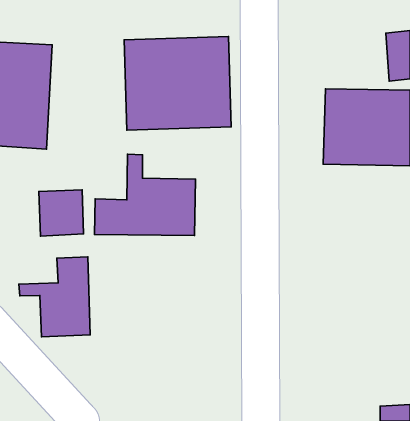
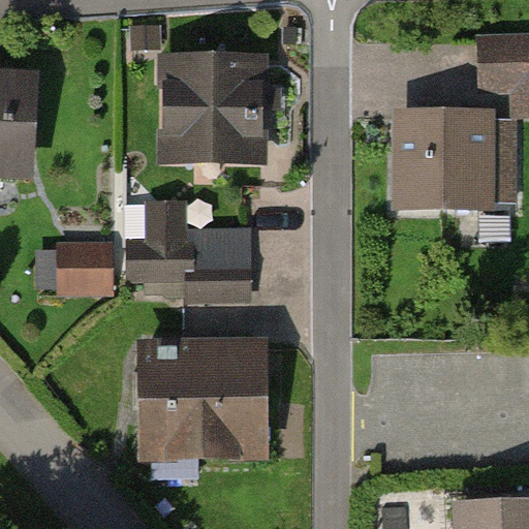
building: [19,257,90,337] -> none
building: none -> [148,349,303,465]

